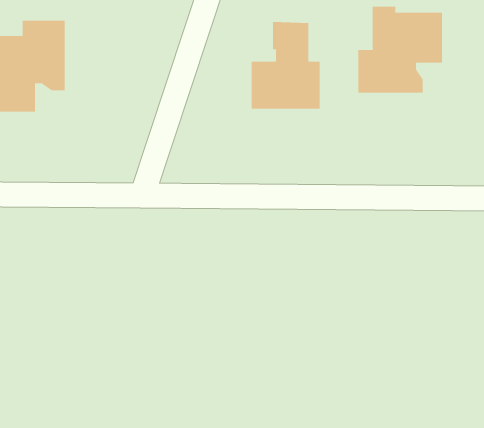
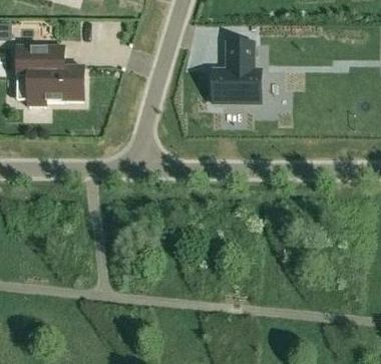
building: [358,6,443,93] -> none

